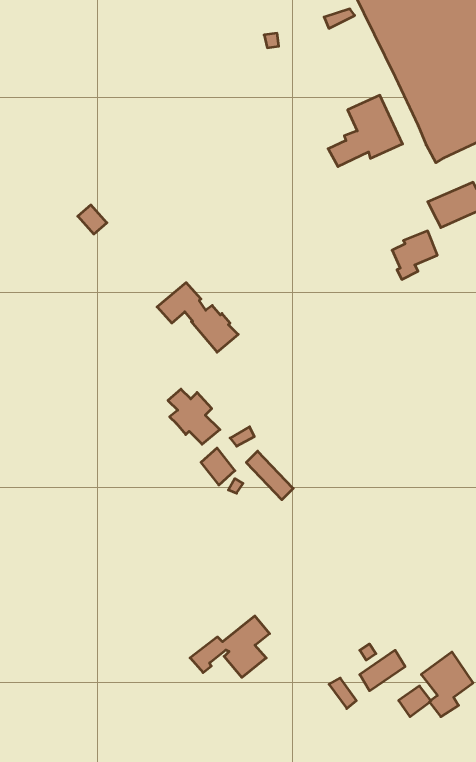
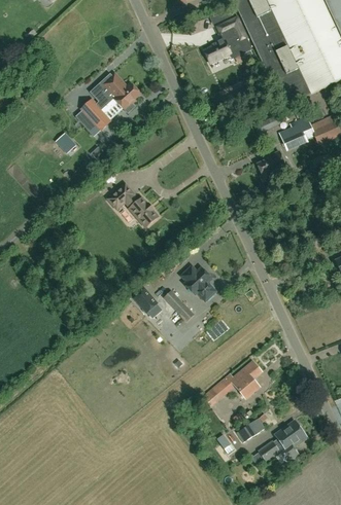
building: [328,95,403,167] -> [204,16,251,62]
building: none -> [81,73,140,131]
building: [168,389,220,444] -> [183,265,216,300]
building: [190,616,270,677] -> [212,359,263,398]

